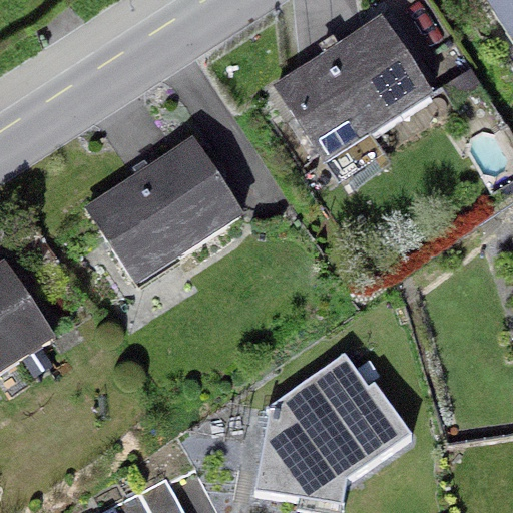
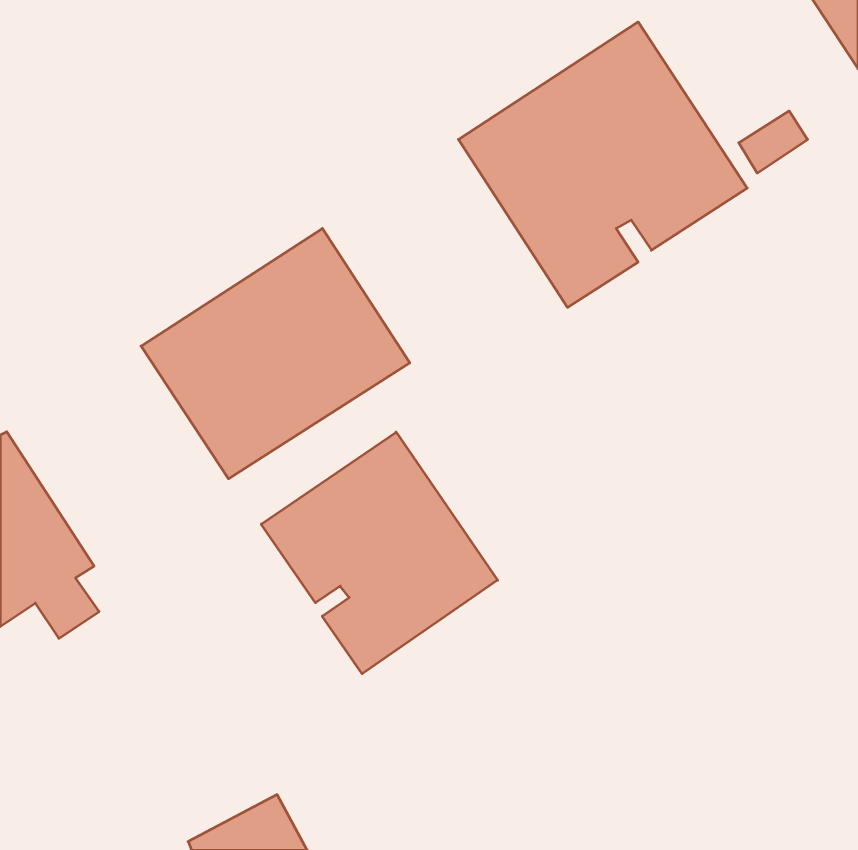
building: none -> [261,432,498,674]
building: [252,353,413,500] -> none

